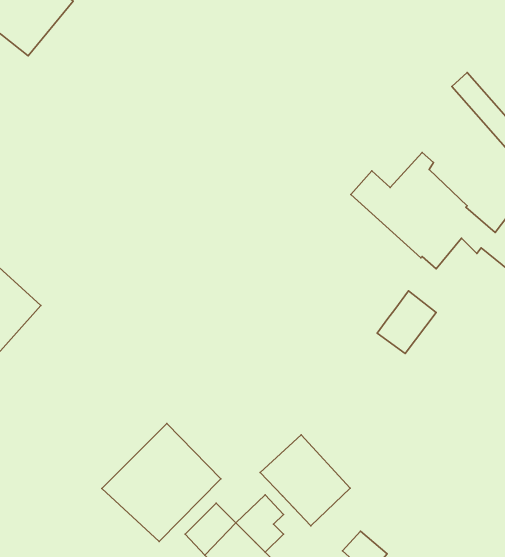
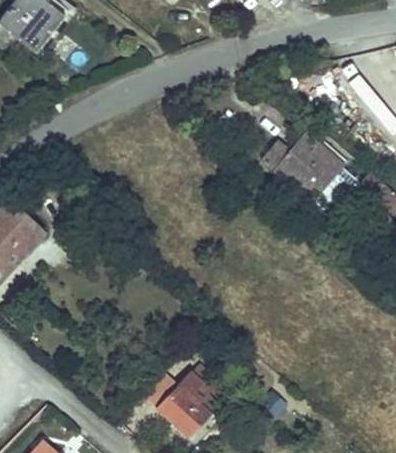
building: [377,291,436,354] -> none
building: [102,423,221,542] -> none
building: [260,435,350,526] -> none

